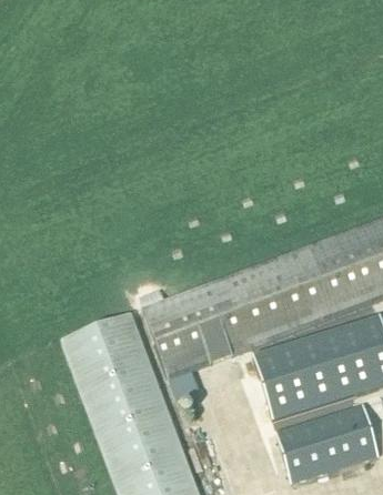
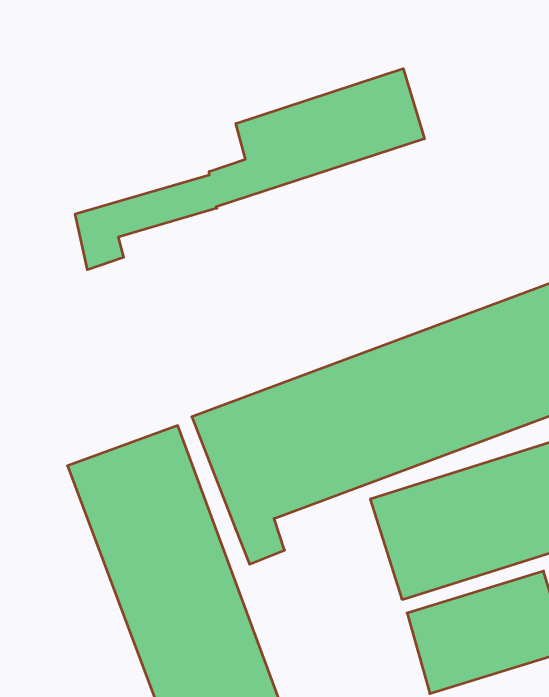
building: none -> [75,69,424,270]

